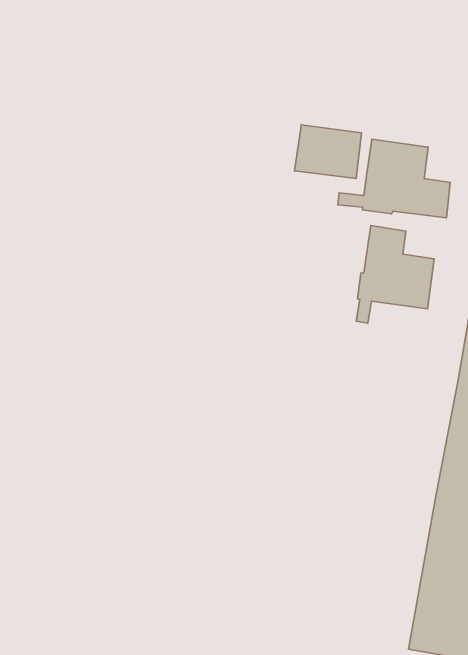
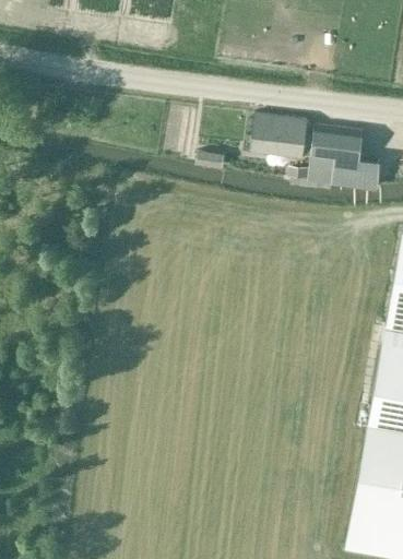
building: [356,226,434,323] -> none

